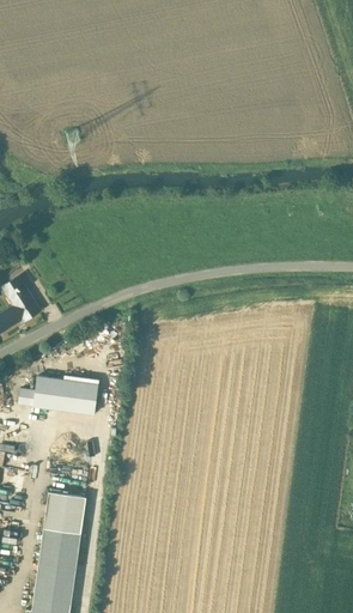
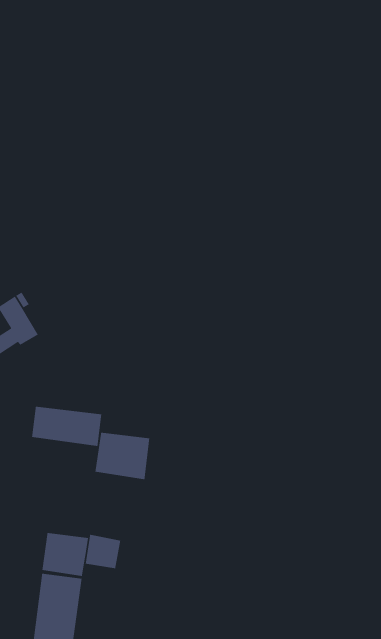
building: none -> [95,432,150,480]
building: none -> [85,534,121,569]

